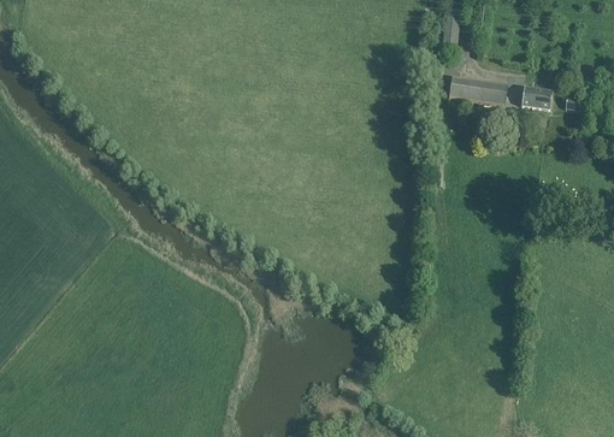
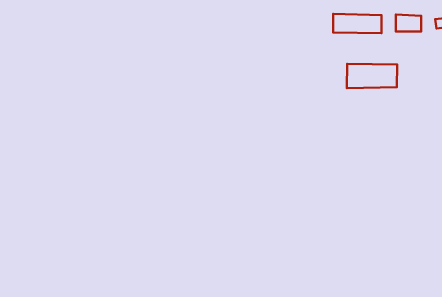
building: none -> [347,64,397,88]

